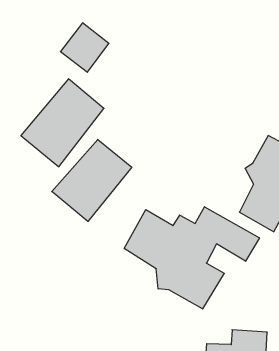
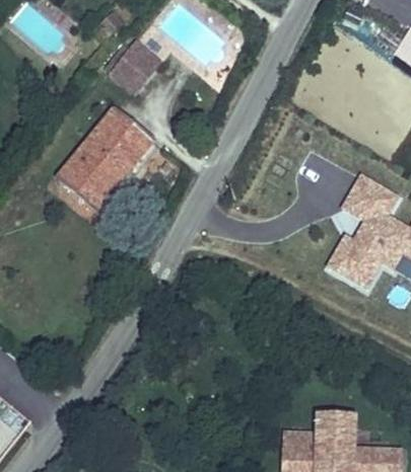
building: [52,139,132,221] -> none
building: [124,207,259,309] -> none

